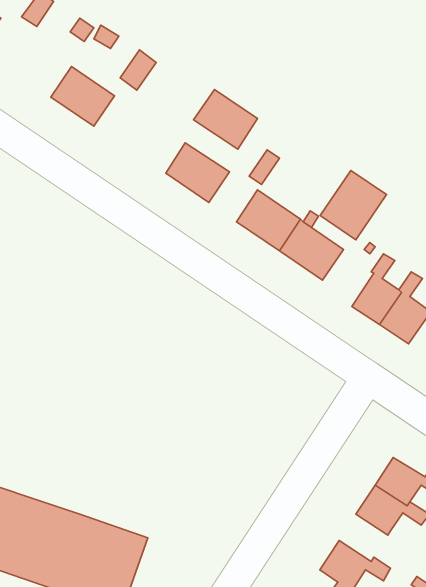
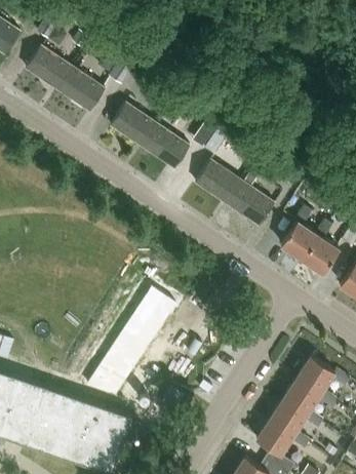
building: none -> [26,46,73,90]
building: [194,89,257,149] -> [110,103,157,147]
building: [320,171,387,240] -> none
building: none -> [88,287,177,395]
building: none -> [271,399,322,434]

